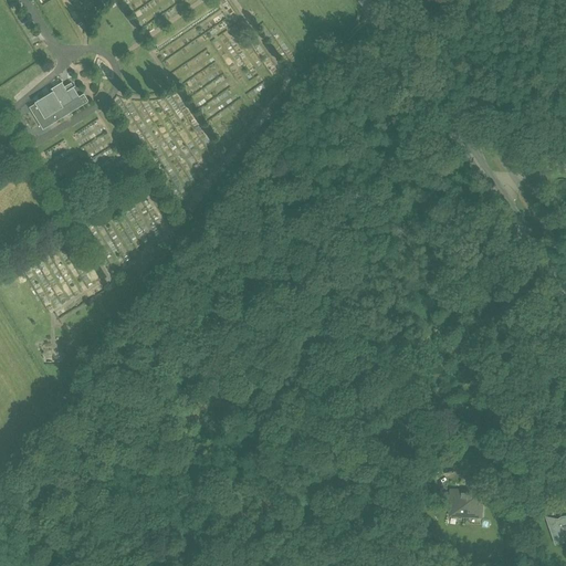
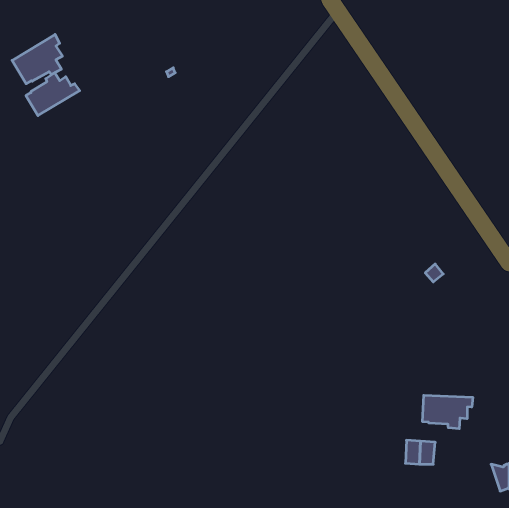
building: none -> [12,34,62,84]
building: none -> [423,395,473,429]

